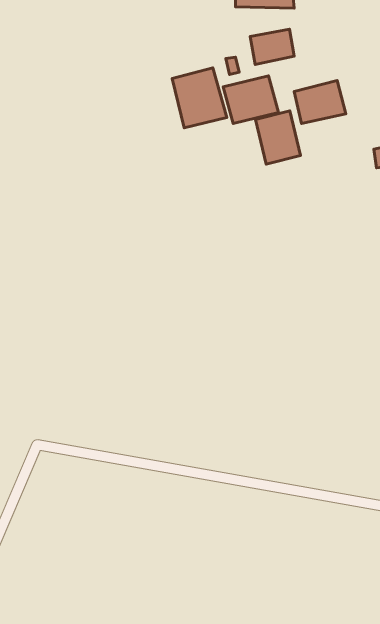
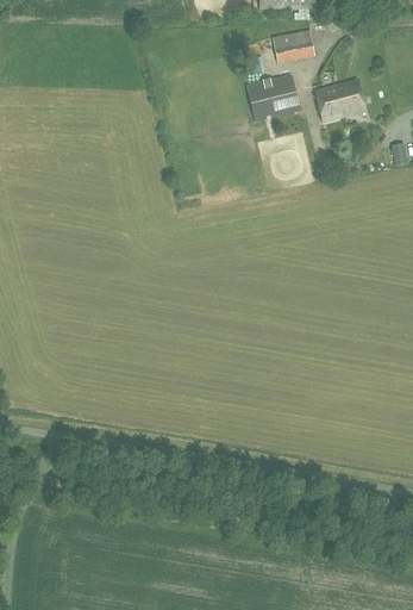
building: [172,68,227,128] -> none
building: [256,111,301,164] -> none

